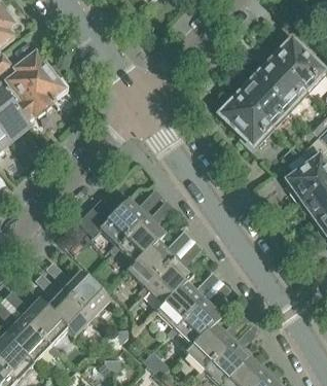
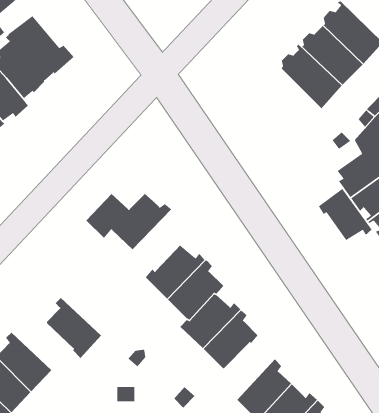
building: [221,92,274,149] -> none
building: none -> [318,188,372,242]
building: [116,211,164,262] -> none
building: [57,270,108,316] -> none
building: [15,297,67,345] -> none
building: [183,322,234,370] -> none

